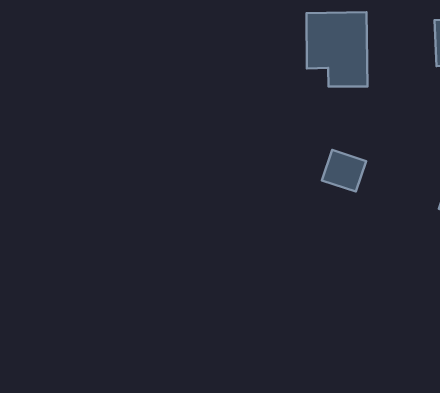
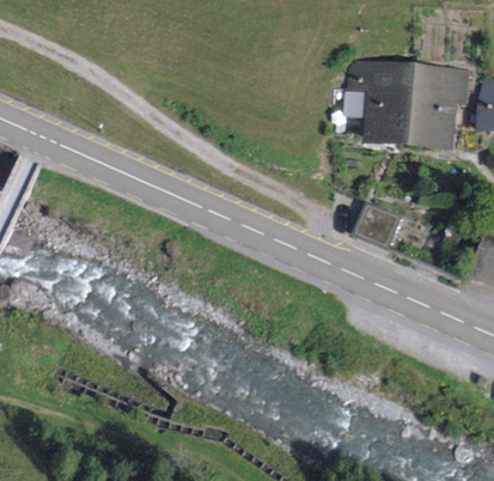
building: none -> [411,66,470,145]

